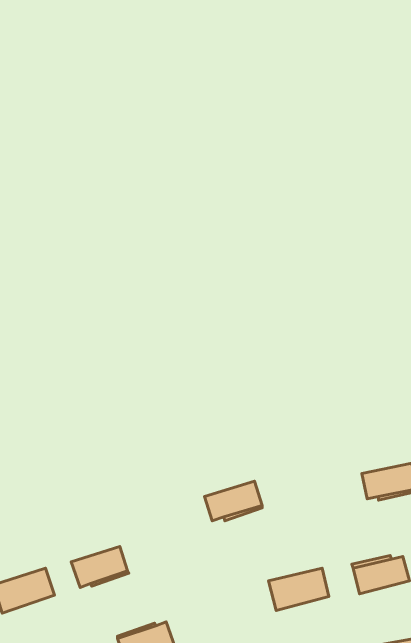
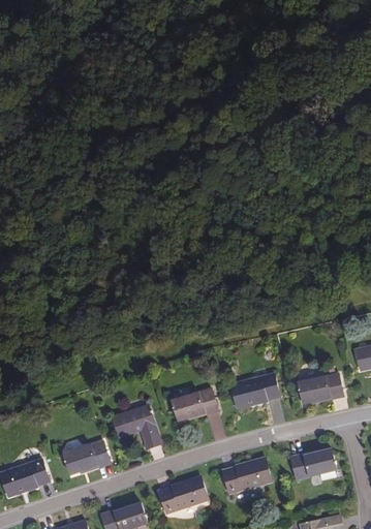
building: none -> [230,374,279,406]
building: none -> [112,405,160,448]
building: none -> [158,477,208,514]

